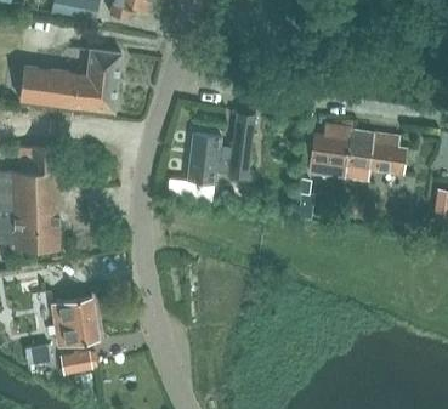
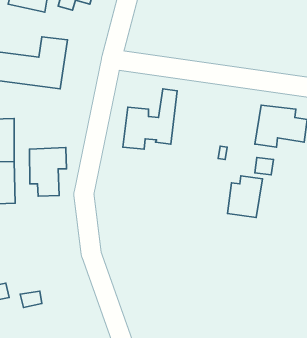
building: [310,127,351,177] -> [228,176,262,218]
building: none -> [30,147,67,196]
building: [50,296,98,346] -> none

